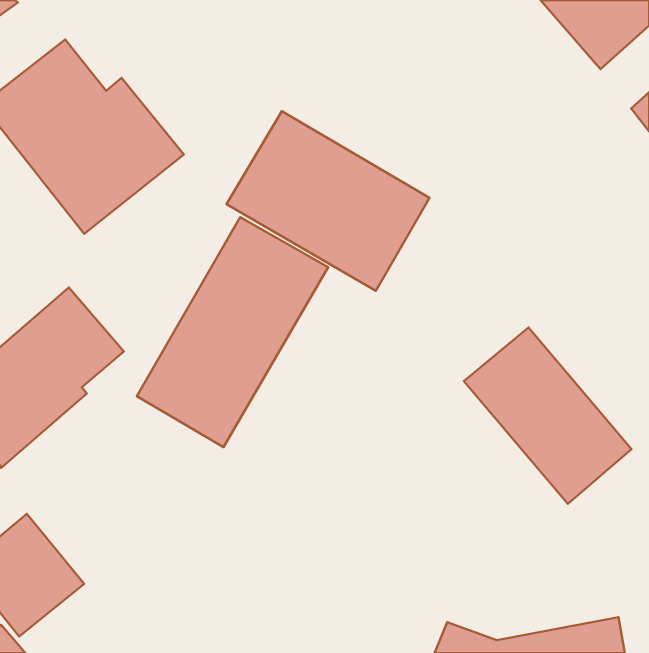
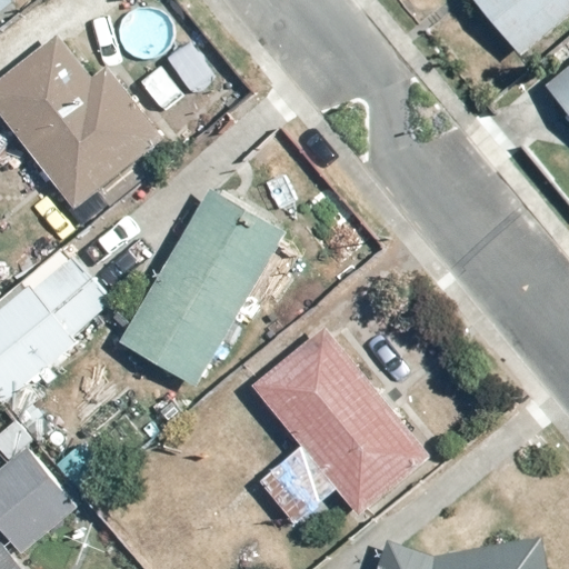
building: [227,111,430,291] -> none
building: [464,327,631,504] -> none
building: none -> [253,328,435,526]

